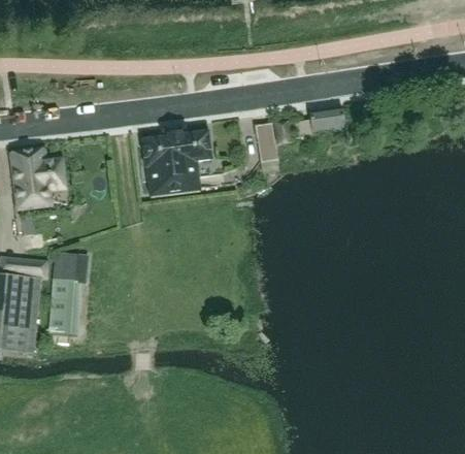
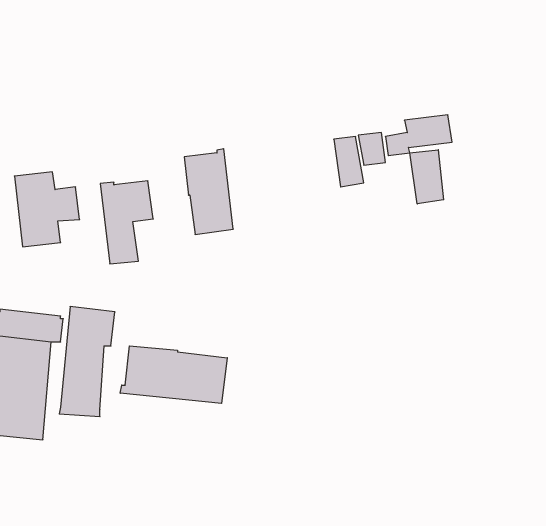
building: [171,131,211,194] -> [100,181,153,264]
building: none -> [410,150,444,204]
building: none -> [120,346,227,403]

